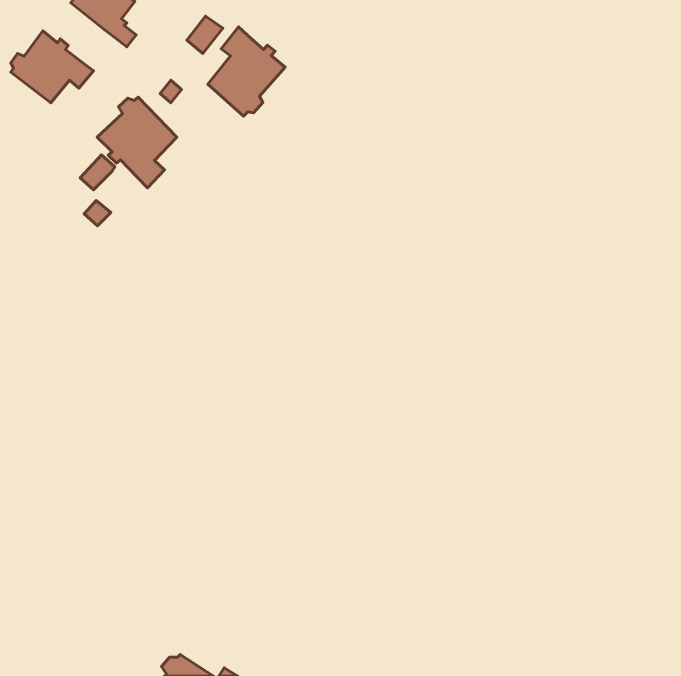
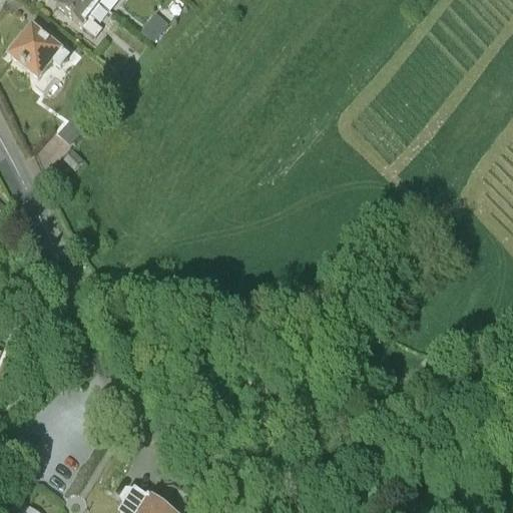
building: [208,27,285,116] -> none
building: [97,97,177,188] -> none

